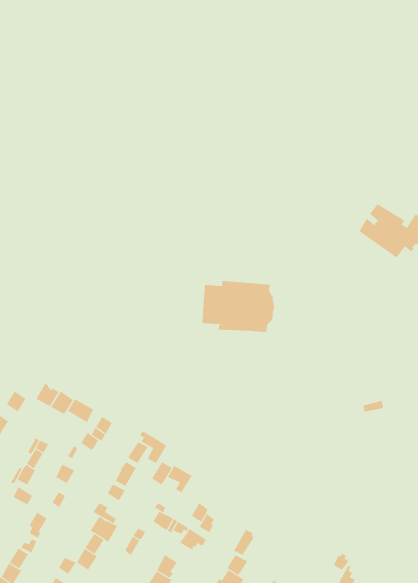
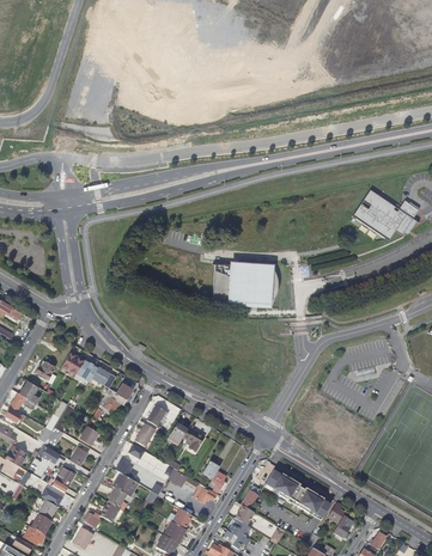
building: none -> [264,471,330,519]

